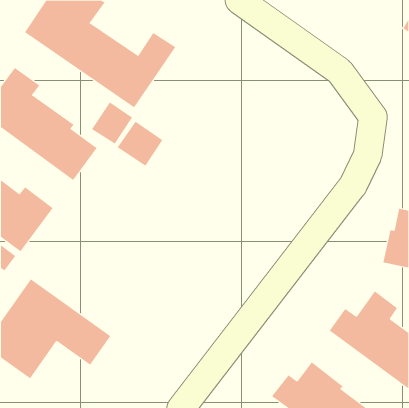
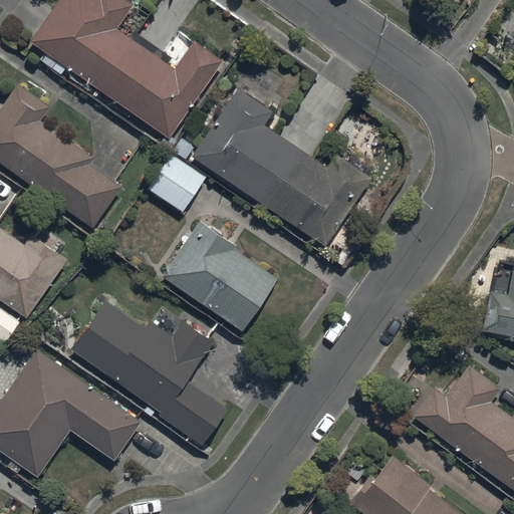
building: none -> [191,94,369,253]
building: [91,102,133,144] -> none
building: none -> [160,220,277,331]
building: none -> [70,300,228,446]

